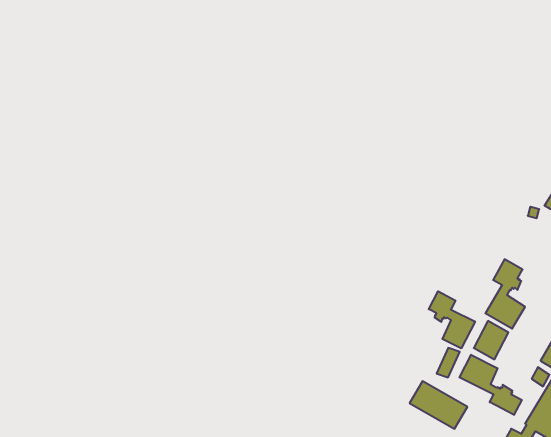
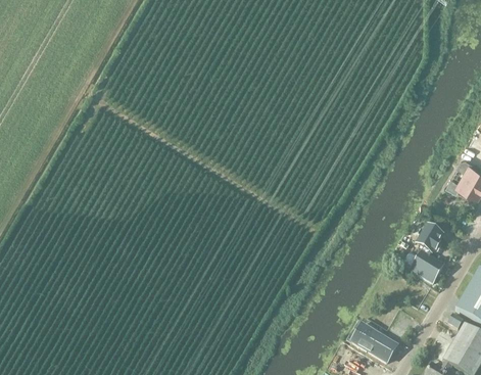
building: [429,291,475,348] -> none
building: [459,355,522,415] -> none

